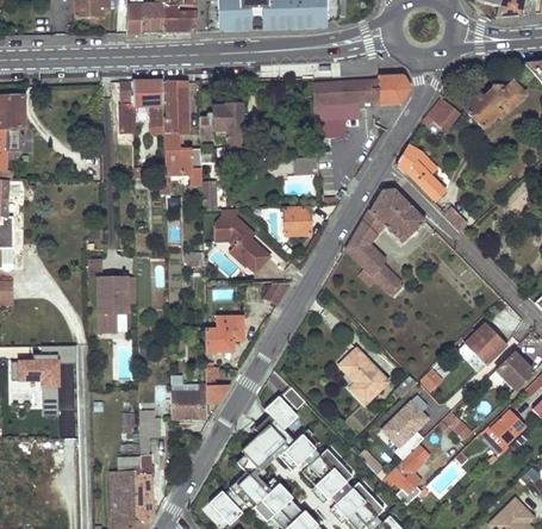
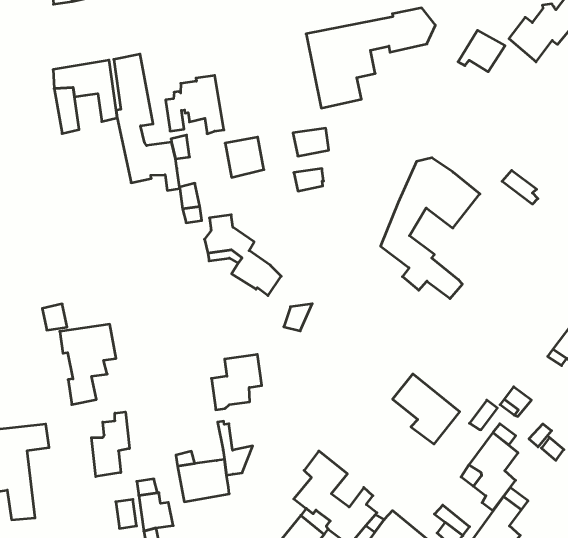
building: [395,144,446,201] -> none
building: [284,209,310,236] -> [225,137,264,177]
building: none -> [91,412,129,477]

